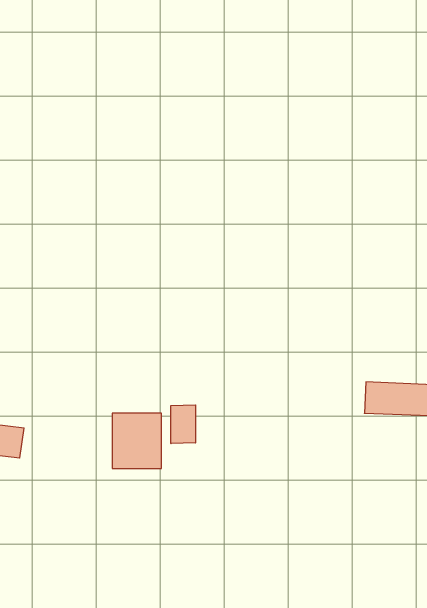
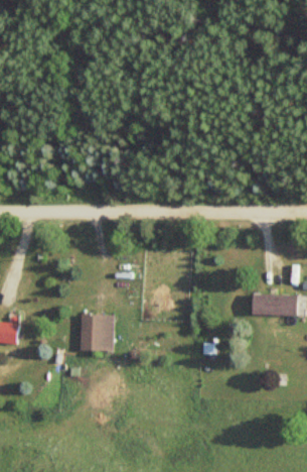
building: [171,405,195,444] -> none

